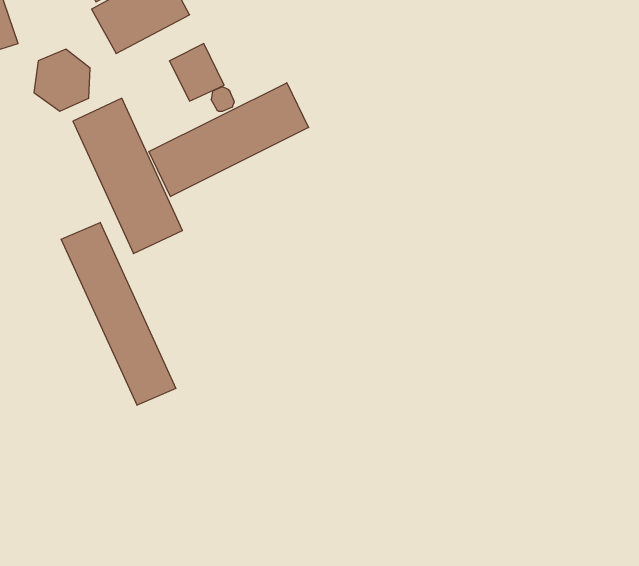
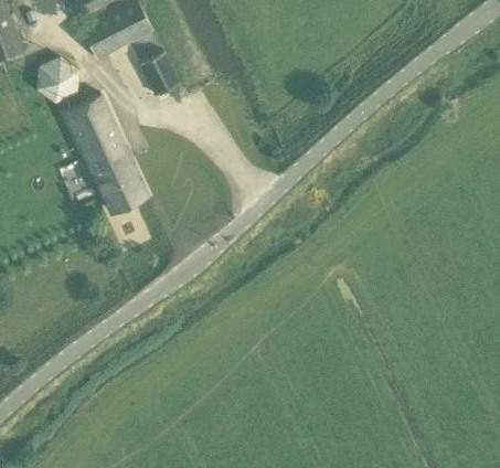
building: [149,83,309,197] -> none
building: [61,222,176,405] -> none

